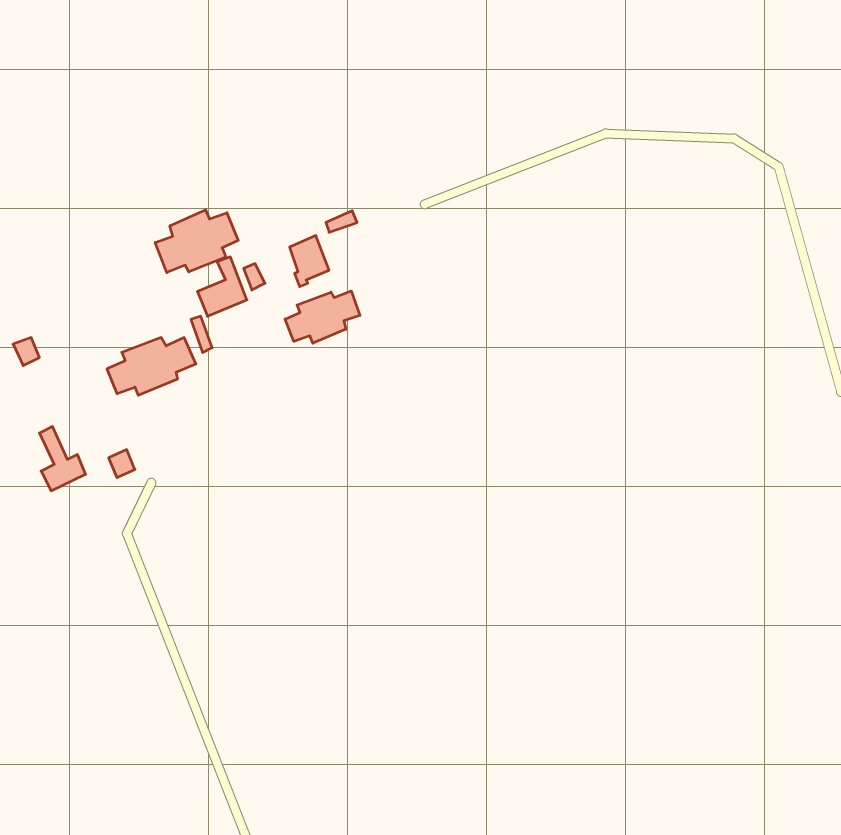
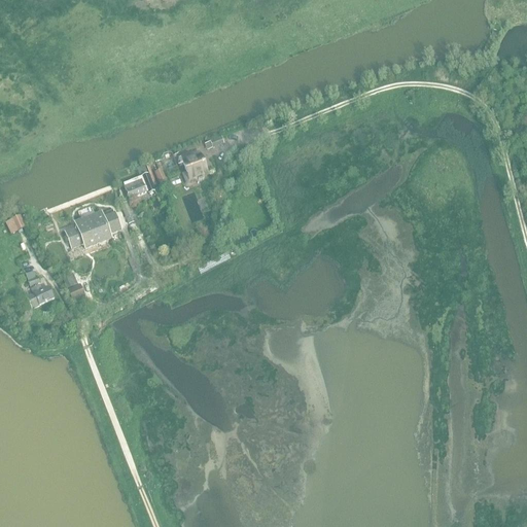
building: [155,210,238,273] -> none
building: [285,291,360,343] -> none

